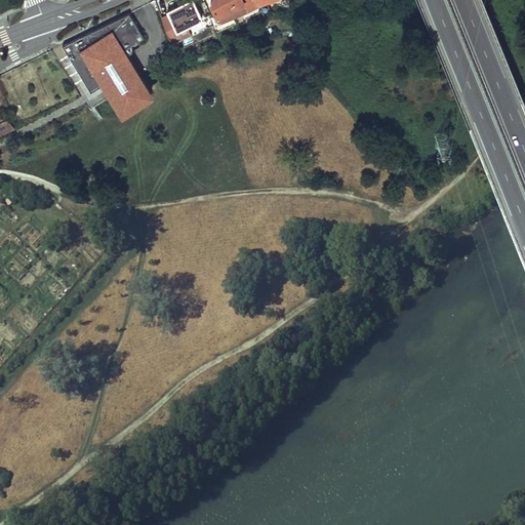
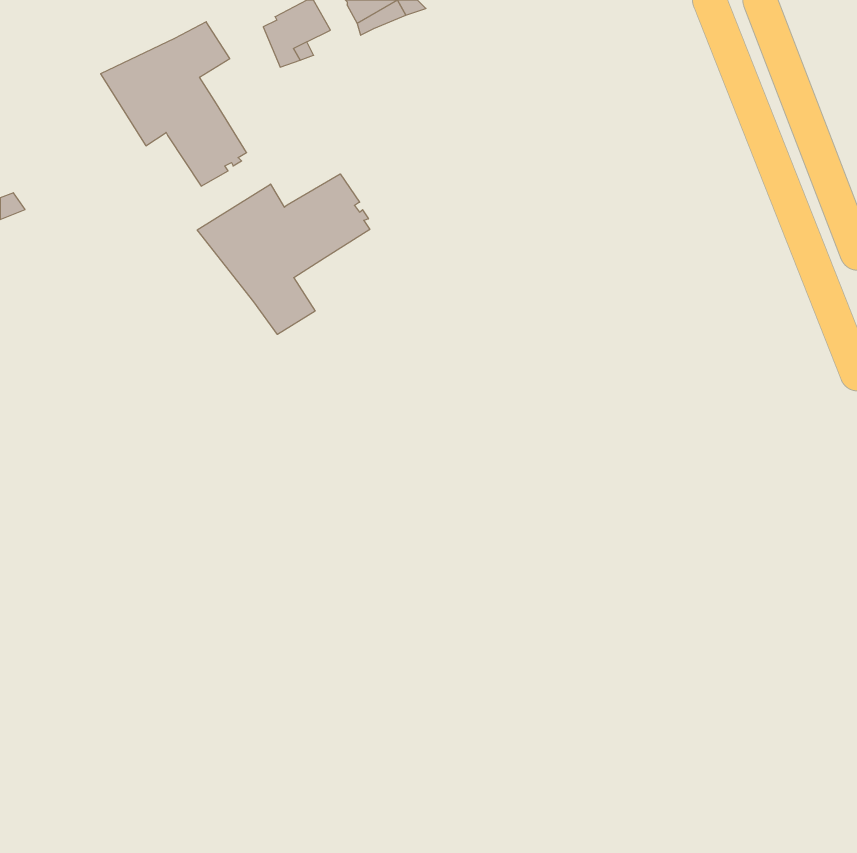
building: none -> [197,174,370,334]

